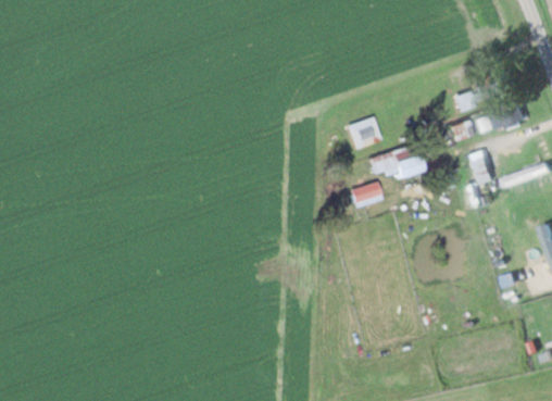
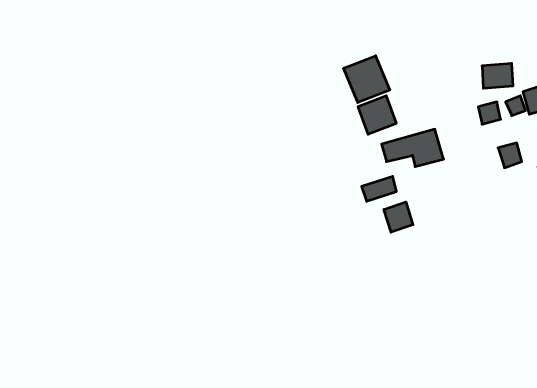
building: none -> [344,56,390,103]
building: none -> [384,202,413,232]

